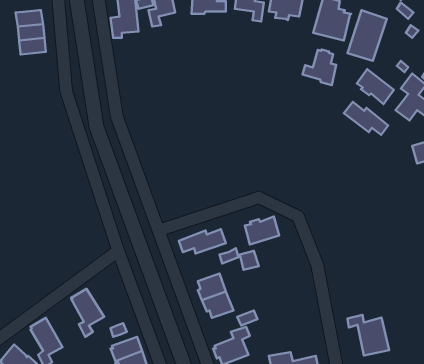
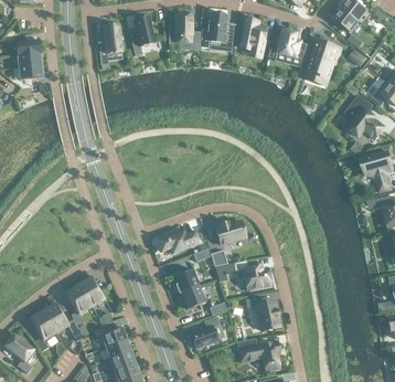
building: [303,50,336,85] -> none
building: [357,69,394,104] -> none
building: [344,102,388,135] -> none
building: none -> [233,259,271,290]
building: none -> [77,275,105,307]
building: none -> [42,300,79,333]
building: [347,315,389,355] -> [245,296,281,331]

